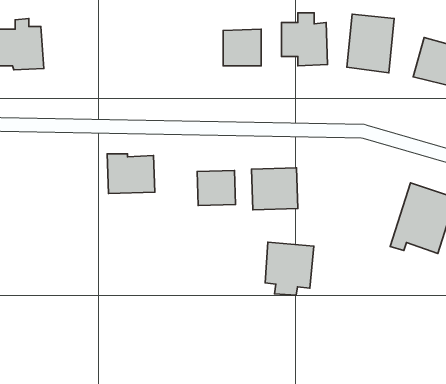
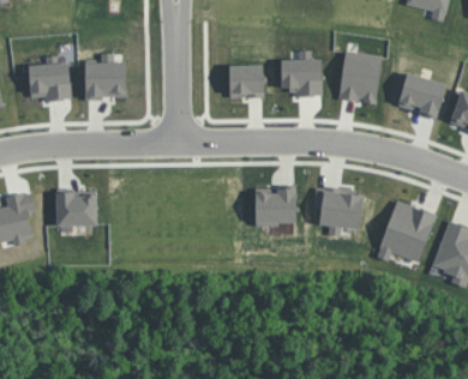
building: none -> [85,53,125,98]
building: [107,154,155,193] -> [55,192,97,227]
building: [197,171,235,206] -> none
building: [265,242,314,295] -> [319,188,362,235]

